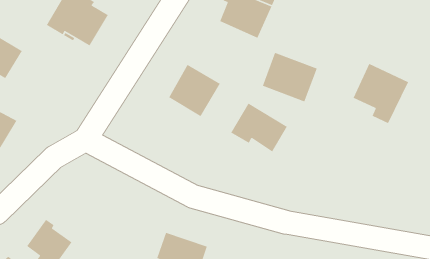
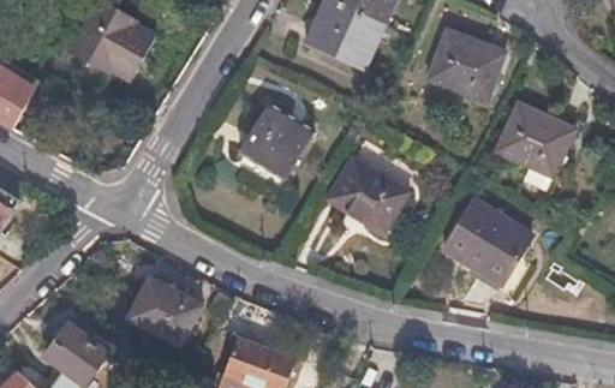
building: [262,52,318,103] -> [428,29,506,100]
building: none -> [444,199,532,283]
building: none -> [127,276,202,345]

